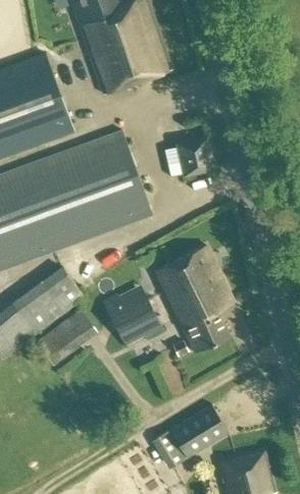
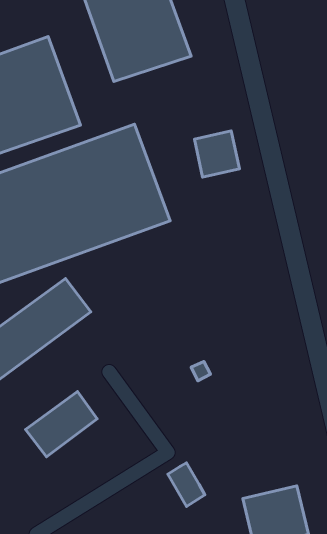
building: [154,246,233,353] -> none
building: [102,284,164,345] -> none
building: [34,308,97,366] -> [26,391,97,457]
building: [170,405,229,457] -> none

